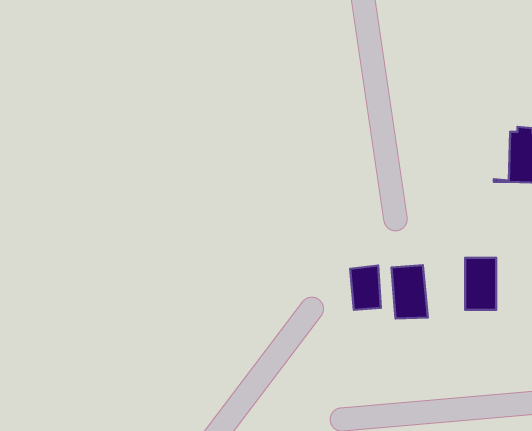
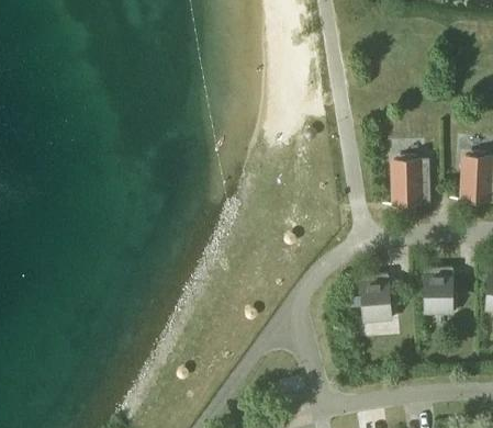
building: none -> [381,156,429,206]
building: [350,265,381,310] -> none

